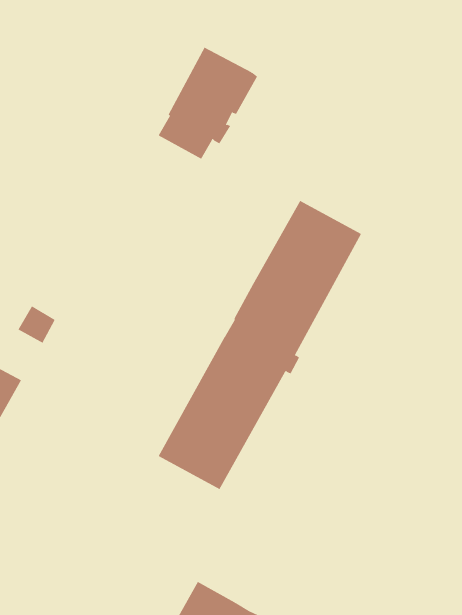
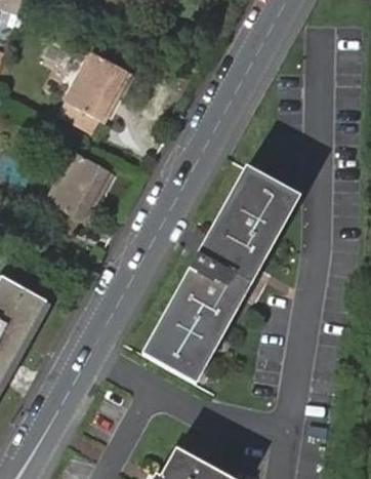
building: [158,47,258,159] -> [58,50,131,132]
building: none -> [41,151,113,232]

